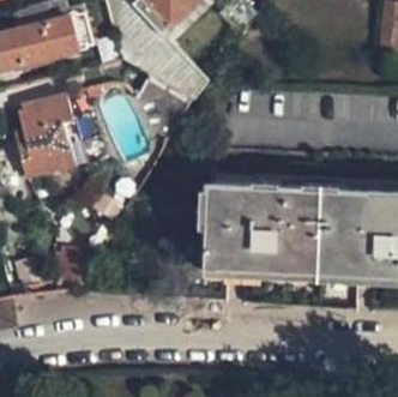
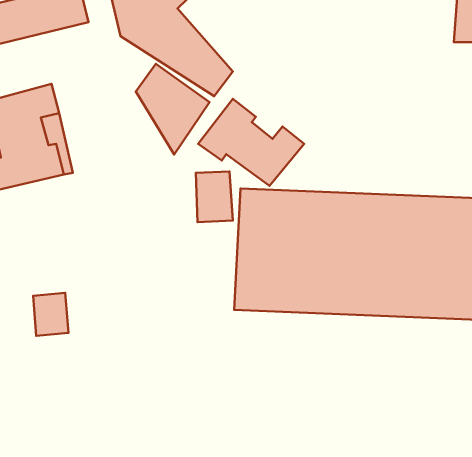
building: none -> [198,99,304,186]

